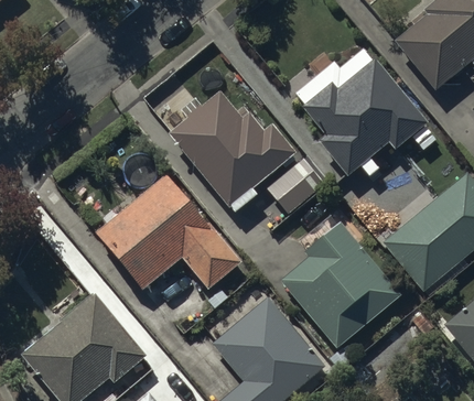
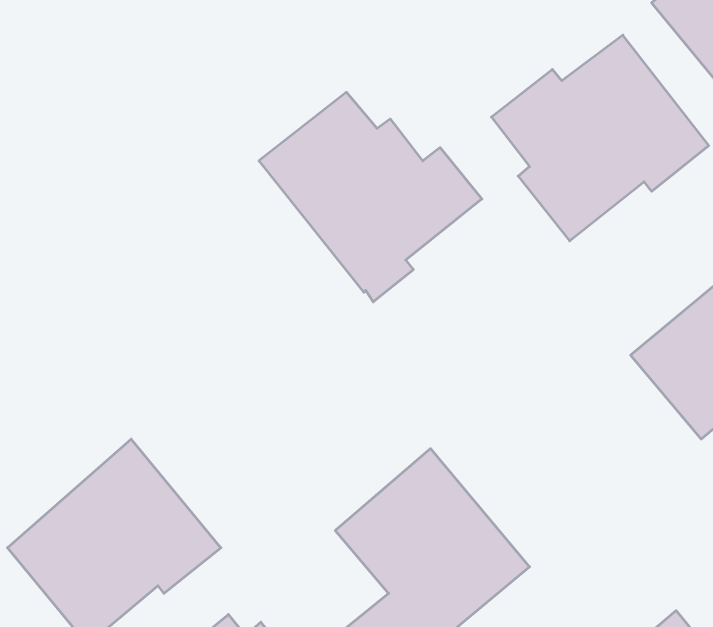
building: [268,158,325,215] -> none
building: [96,172,243,290] -> none
building: [280,221,400,348] -> none

